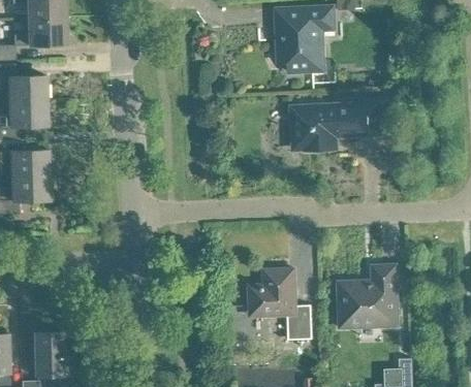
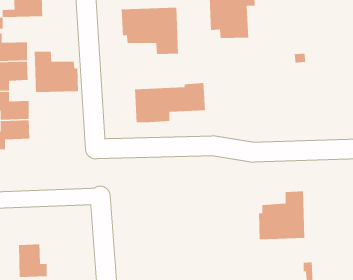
building: none -> [121,7,179,55]
building: none -> [34,51,79,93]
building: [291,98,382,150] -> [134,82,206,123]
building: [249,268,313,340] -> none

